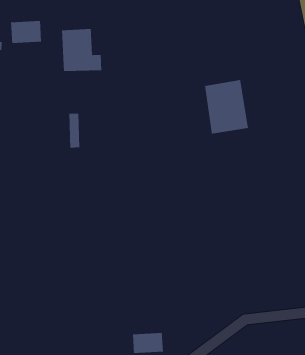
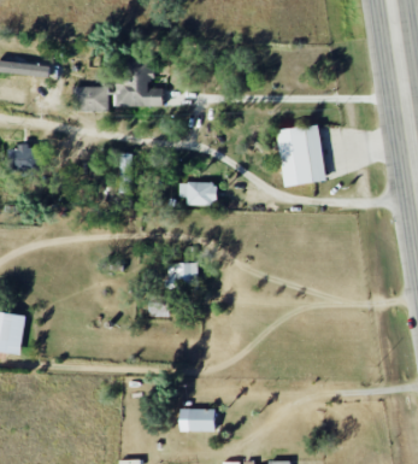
building: [10,20,42,44] -> [72,87,107,112]
building: none -> [179,182,217,205]
building: none -> [167,263,198,284]

